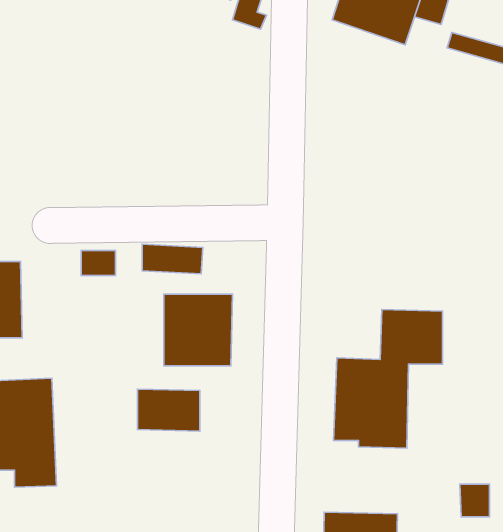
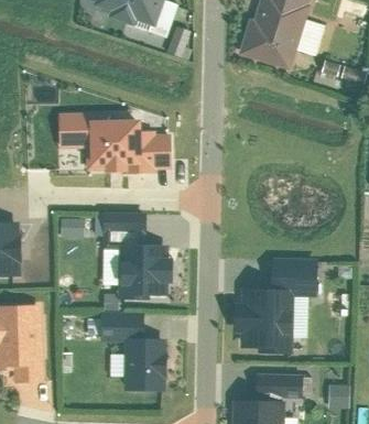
building: none -> [59,112,172,174]
building: none -> [124,344,162,392]
building: none -> [258,374,304,398]

